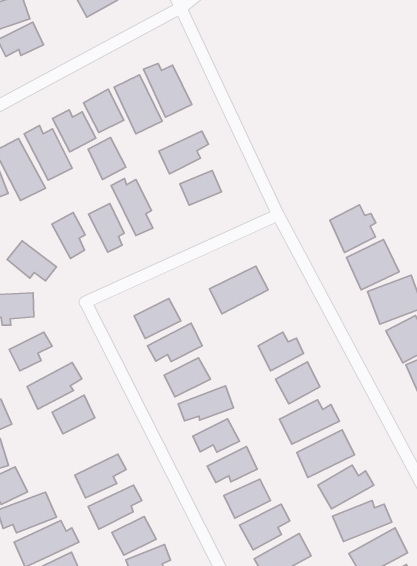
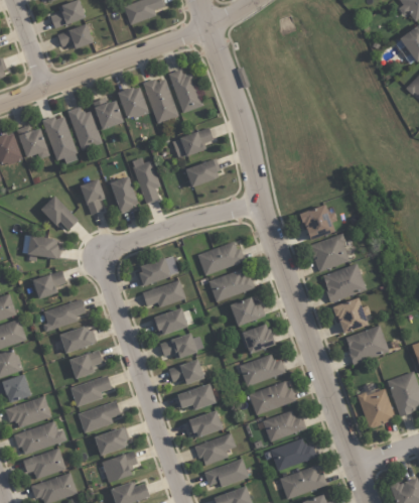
building: [88,138,126,180] -> none
building: none -> [207,268,255,301]
building: none -> [68,350,103,379]

